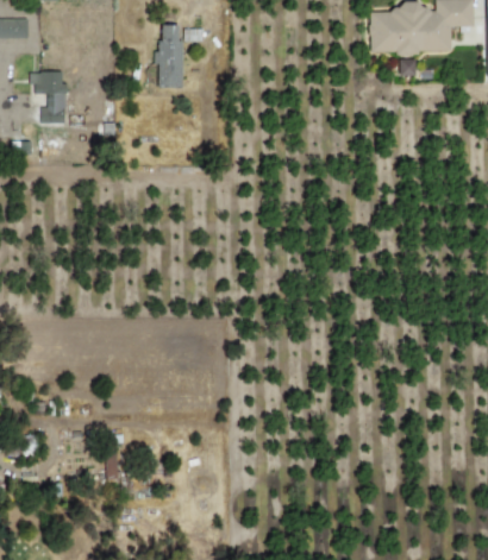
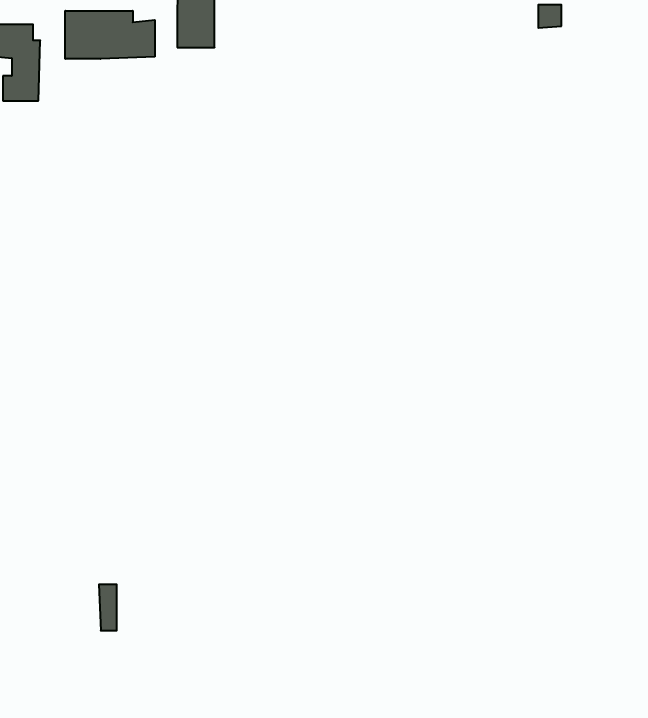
building: none -> [65,11,155,59]

